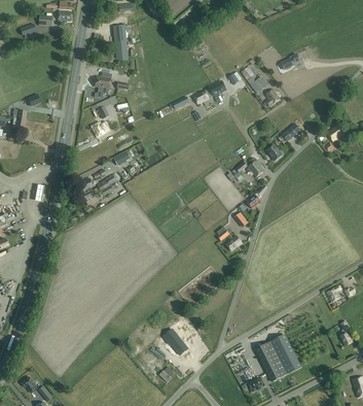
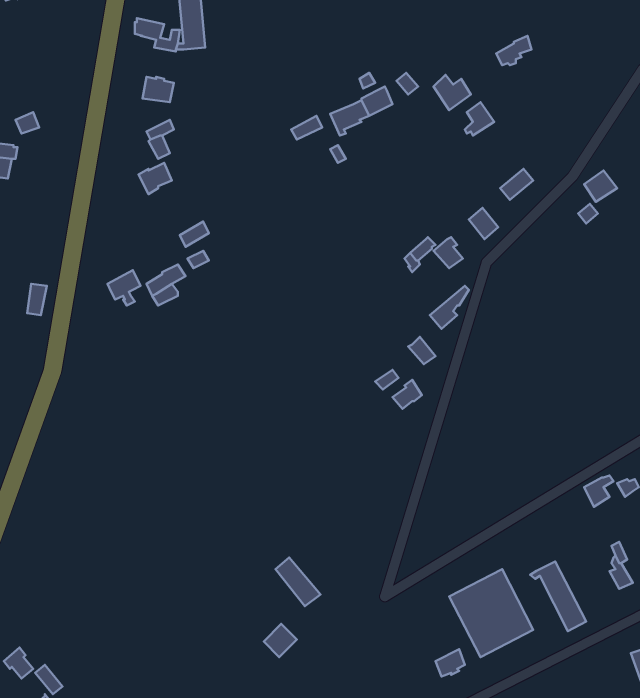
building: none -> [530,561,586,631]

